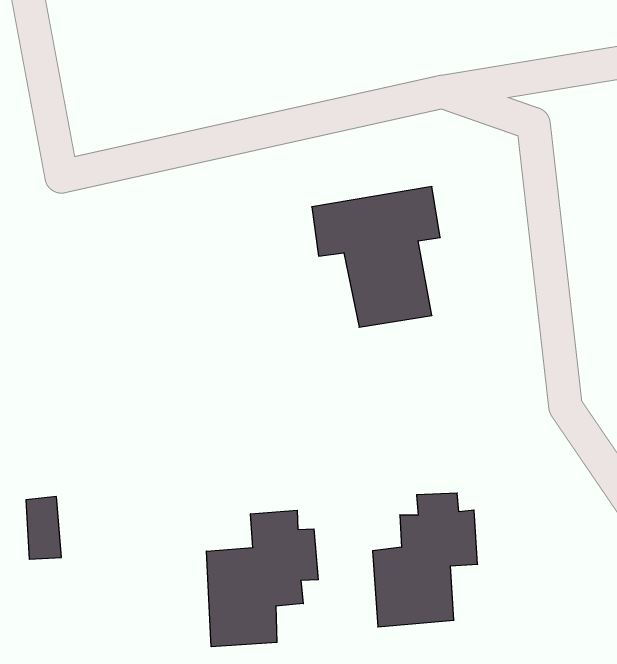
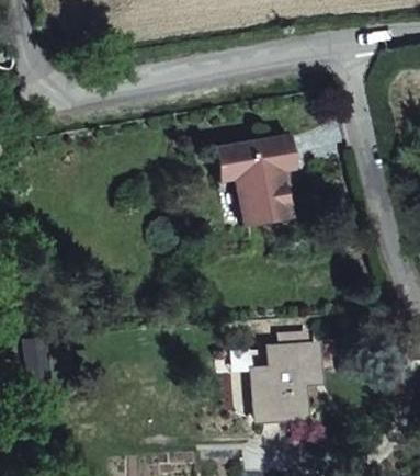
building: [206,510,318,647] -> none

